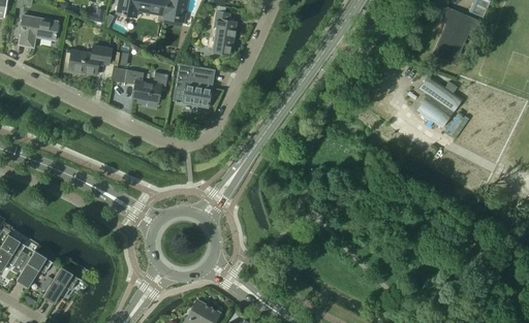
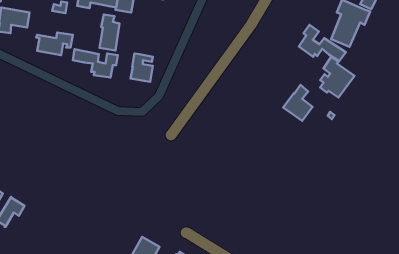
building: [212,11,237,56] -> [100,14,120,50]
building: none -> [299,25,346,61]
building: none -> [283,85,313,121]
building: [42,266,79,303] -> none

